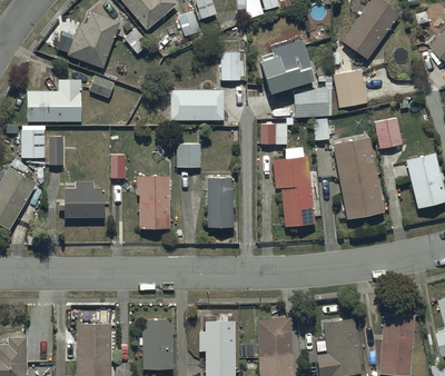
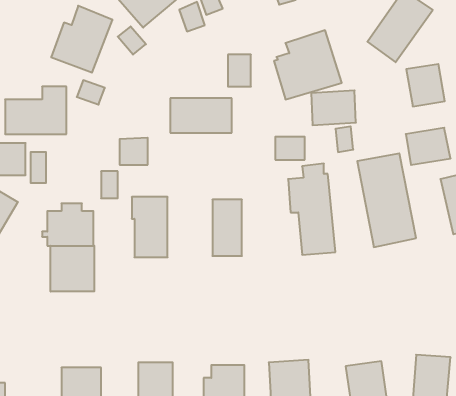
building: [334,69,367,106] -> [406,64,445,106]
building: [176,139,200,162] -> [120,138,148,165]
building: none -> [51,246,94,292]

